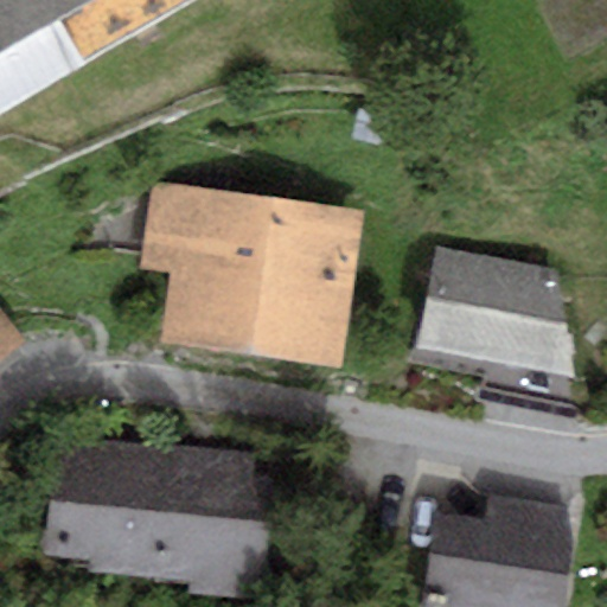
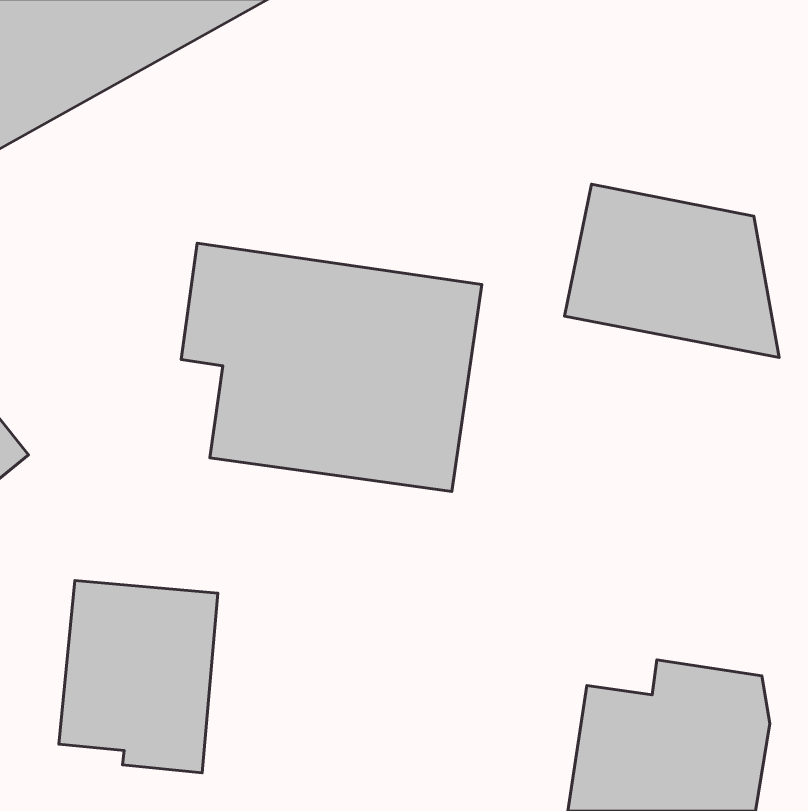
building: [413,249,573,378] -> [565,184,779,358]
building: [151,442,280,600] -> none

